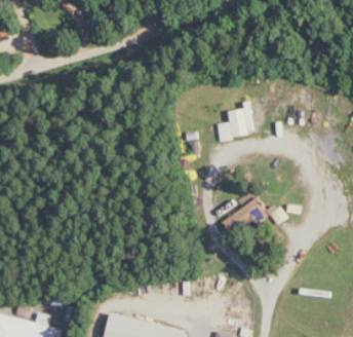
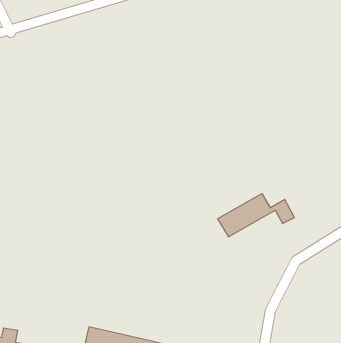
building: [217,108,252,139] -> none

